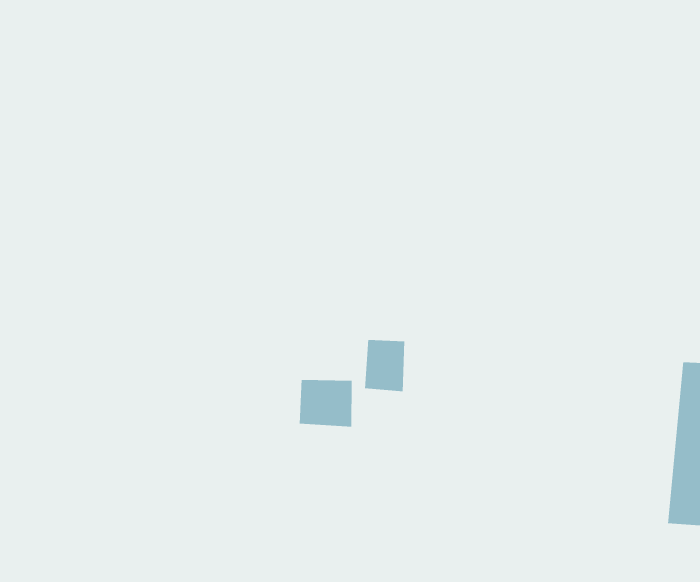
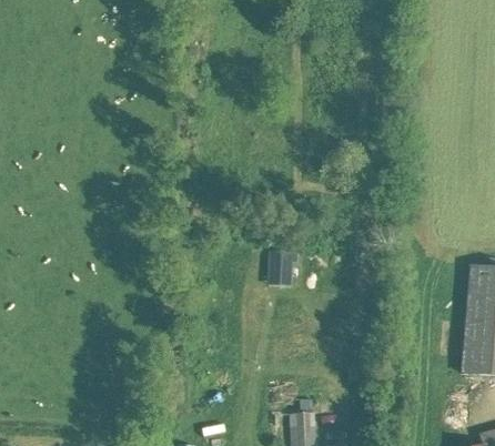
building: [299,379,352,427] -> none

